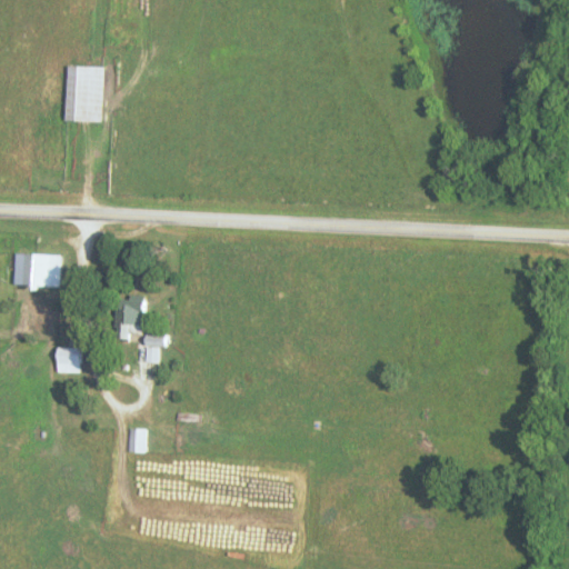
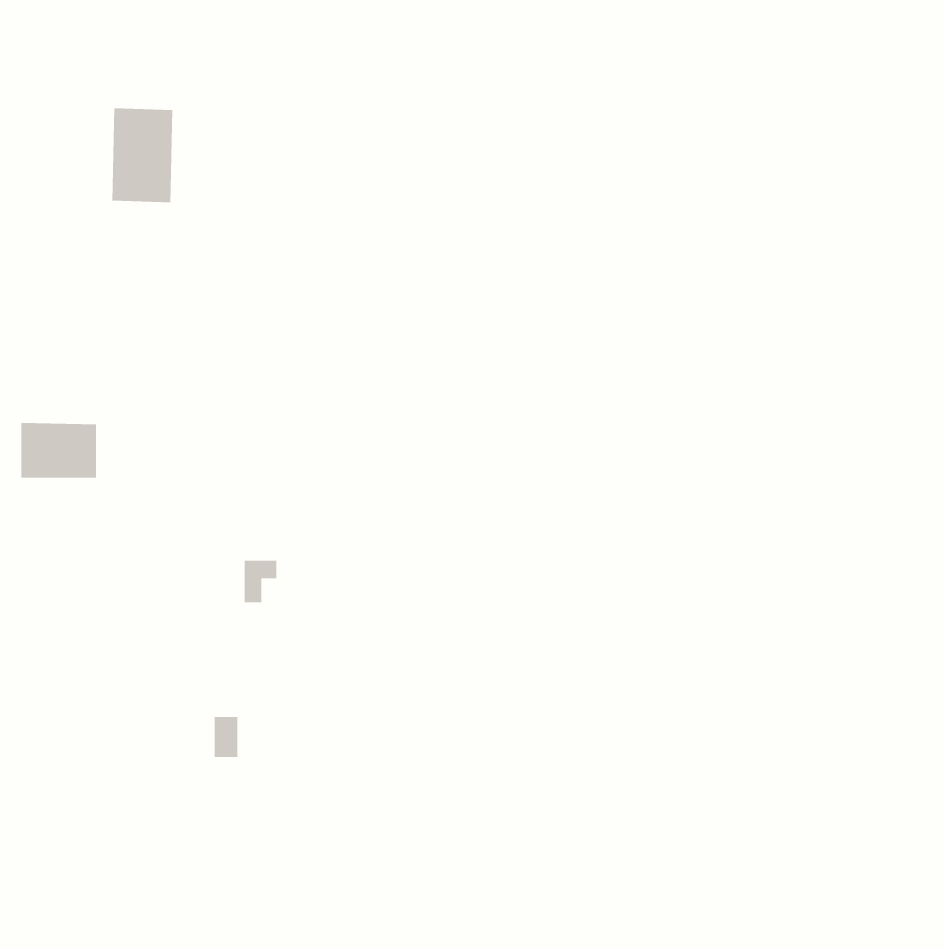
building: [116,296,143,332] -> none
building: [56,347,79,373] -> none

